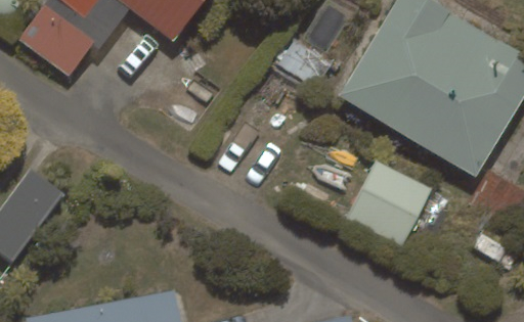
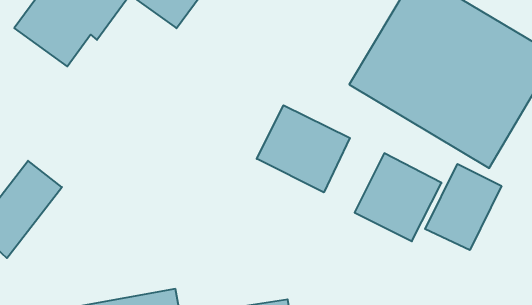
building: none -> [257,105,350,192]
building: none -> [425,164,501,250]

